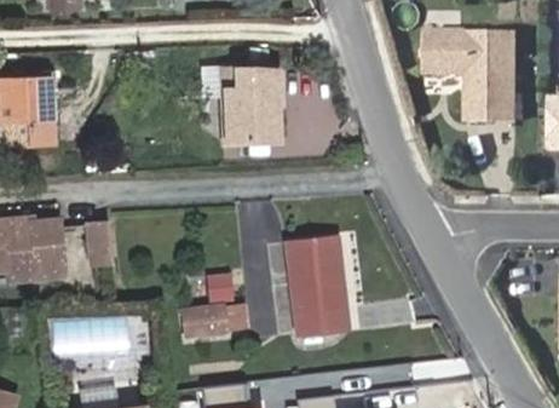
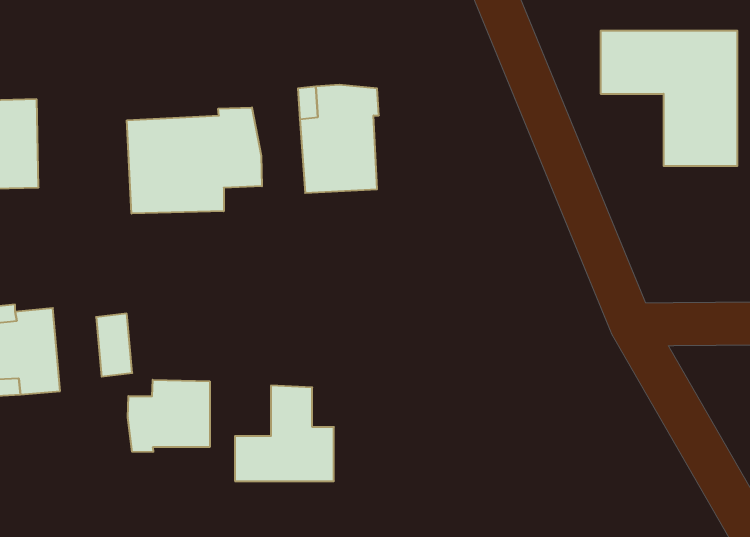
building: none -> [127,107,262,214]
building: [286,239,345,329] -> none
building: none -> [128,380,210,452]

